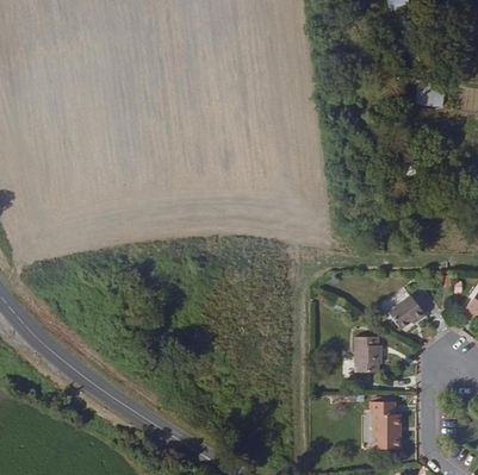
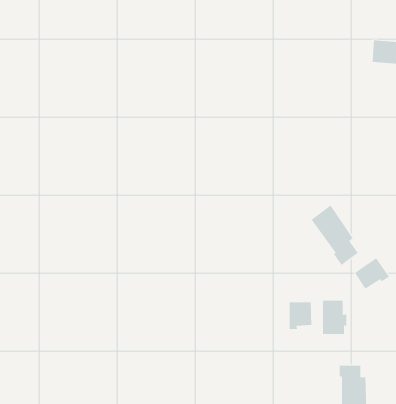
building: none -> [311,205,359,266]
building: none -> [289,301,312,330]

